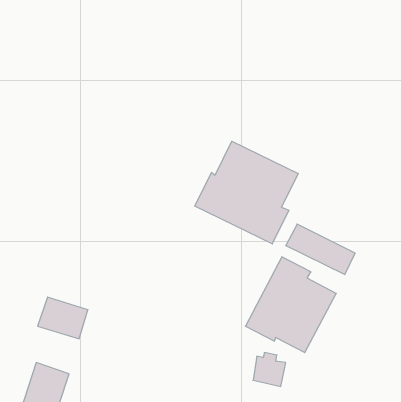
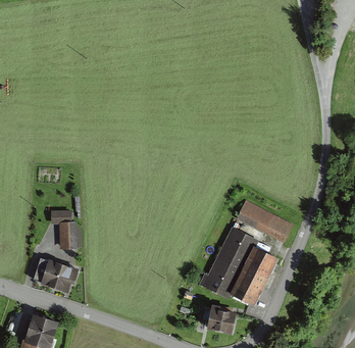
building: [195,141,298,244] -> none
building: none -> [57,221,81,250]

